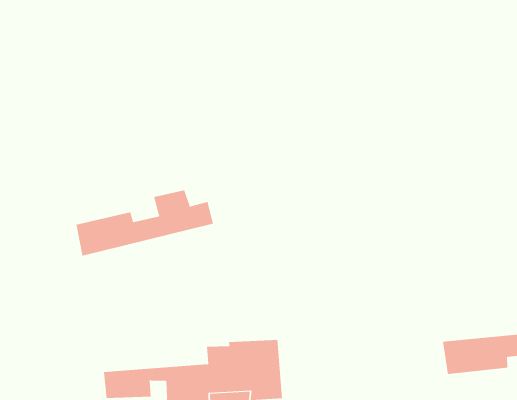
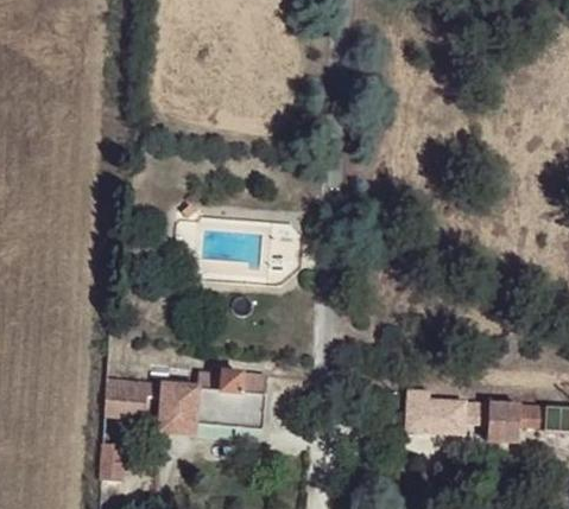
building: [76,190,214,257] -> none

